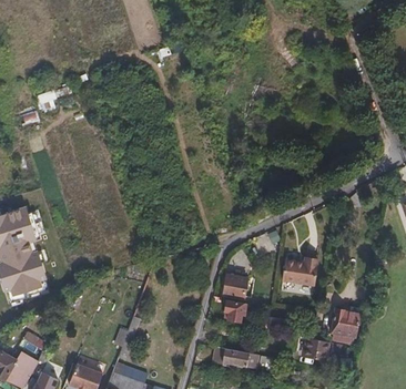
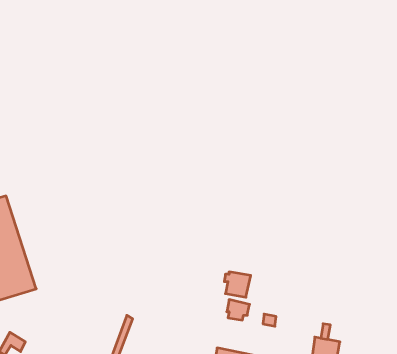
building: [284,256,319,284] -> none
building: [329,307,358,334] -> none

